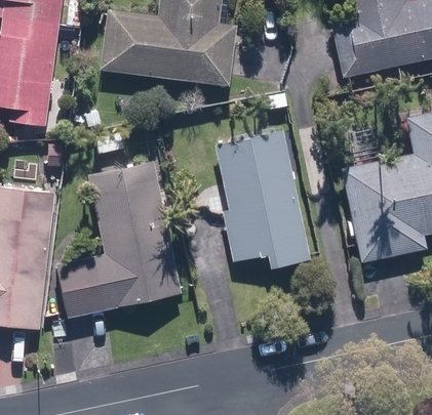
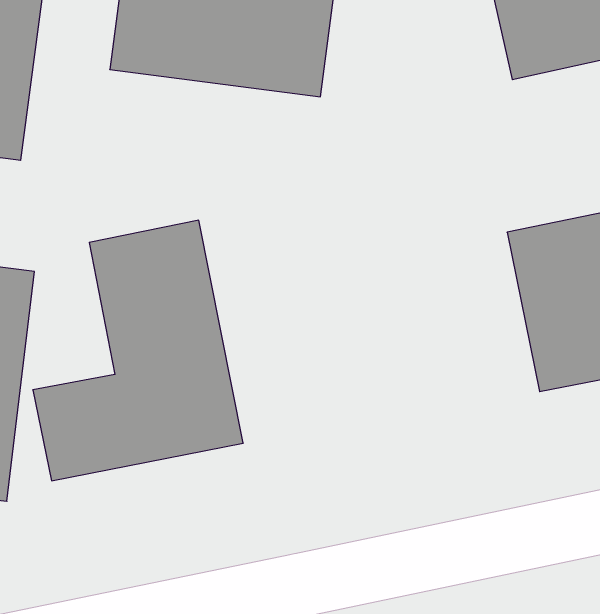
building: [217,131,311,268] -> none

